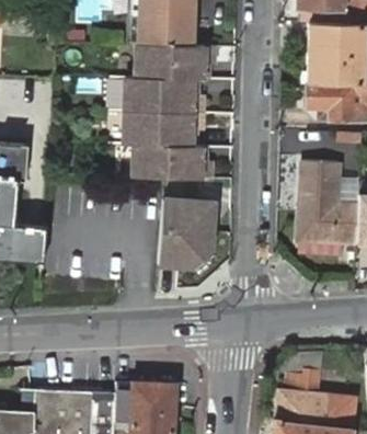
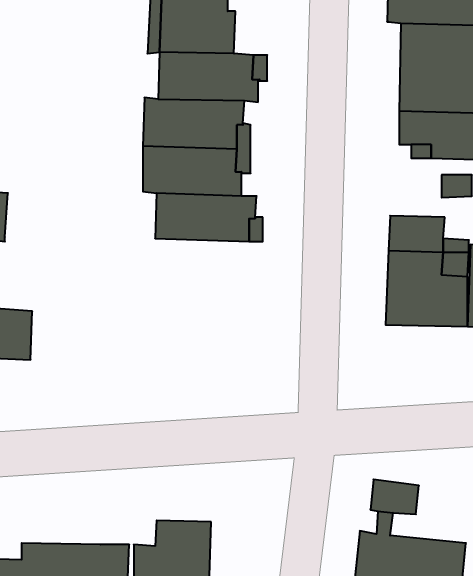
building: [157,203,211,270] -> none

